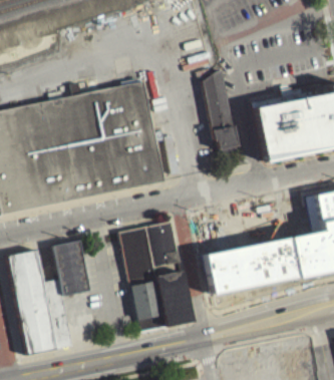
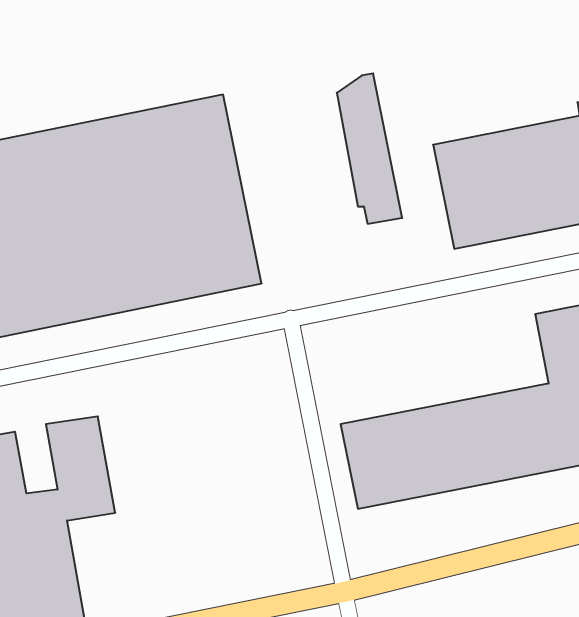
building: [121,230,191,339] -> none

